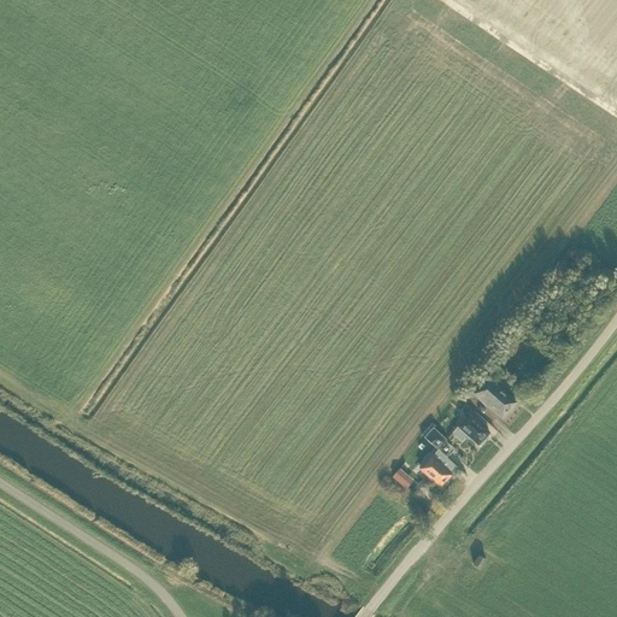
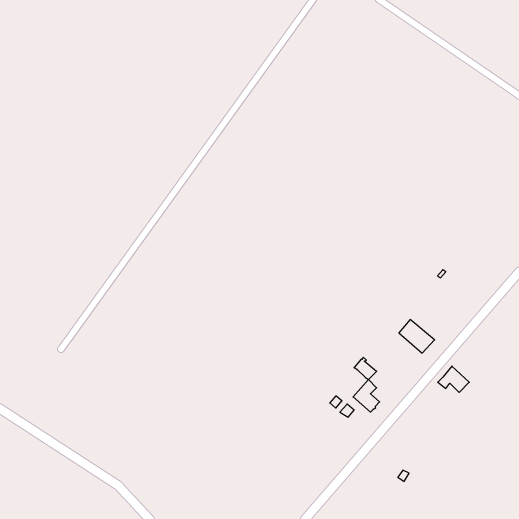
building: [451,415,488,446] -> [438,366,469,392]

